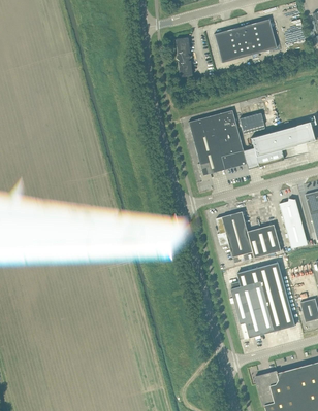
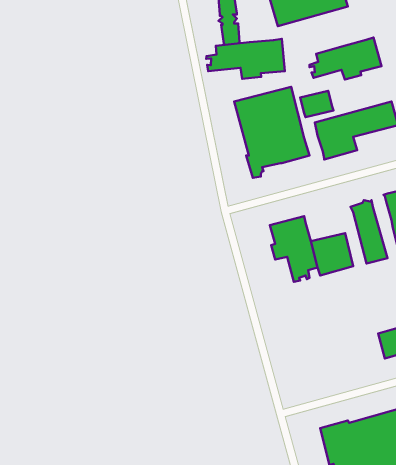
building: none -> [310,37,381,80]
building: none -> [206,39,285,79]
building: [231,262,295,339] -> none

